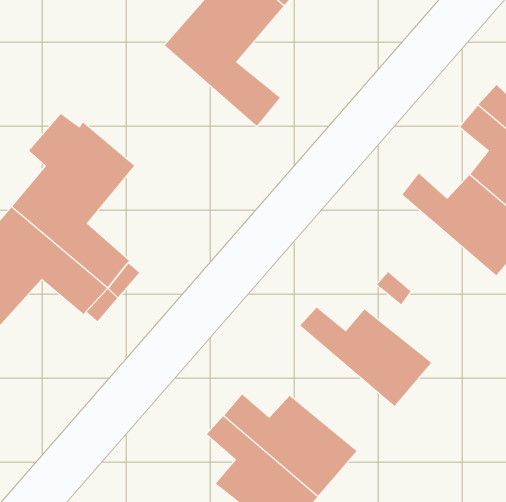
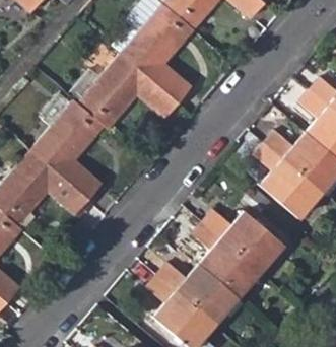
building: none -> [68,54,178,130]
building: none -> [254,143,321,217]
building: none -> [192,221,260,296]

